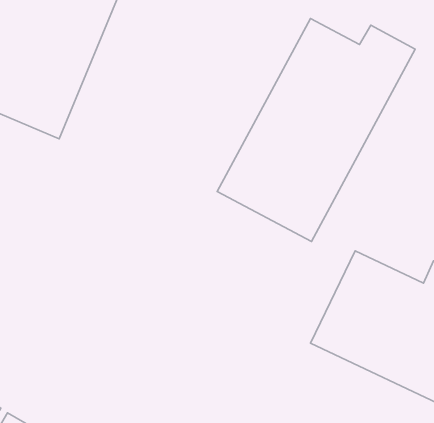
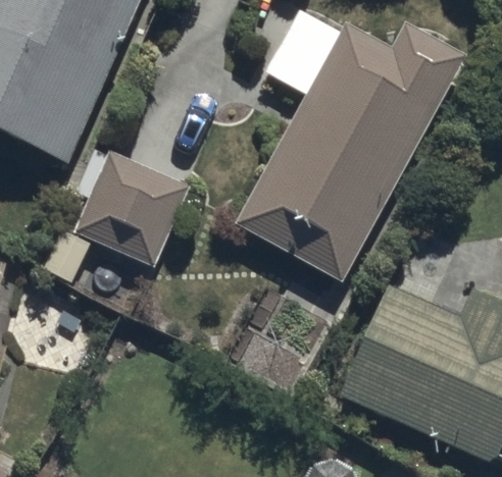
building: none -> [80,160,175,262]

